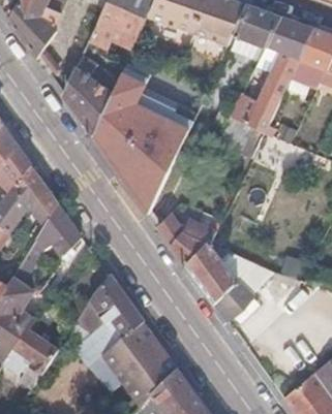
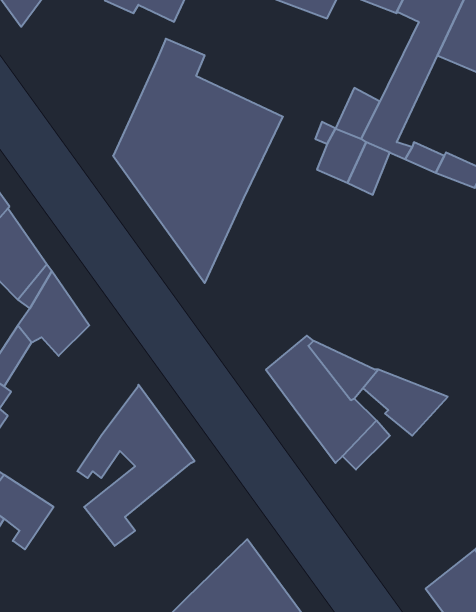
building: [64,53,121,134] -> none
building: [159,212,217,264] -> none
building: [101,321,176,404] -> none

